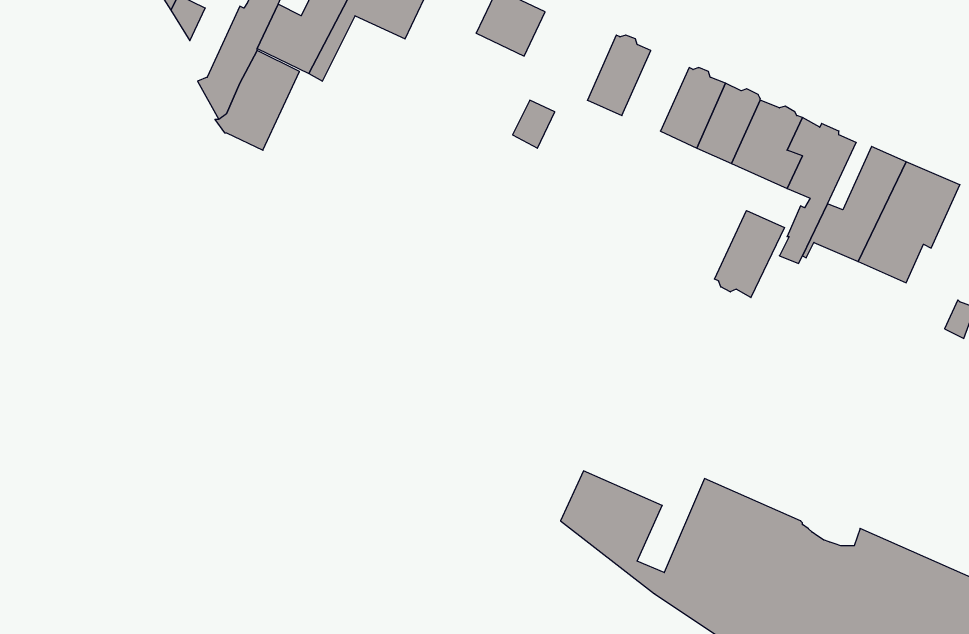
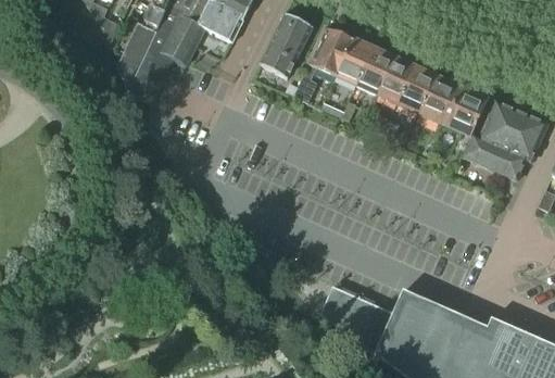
building: none -> [308,26,352,75]
building: none -> [258,37,300,78]
building: none -> [355,47,393,92]
building: [714,211,785,298] -> none

